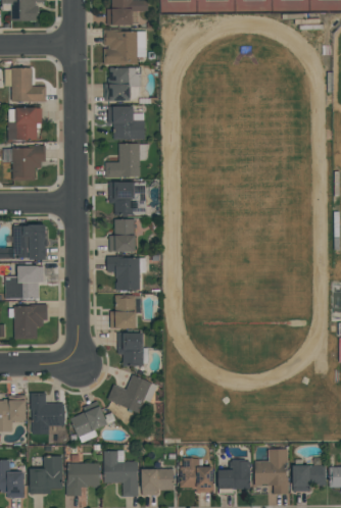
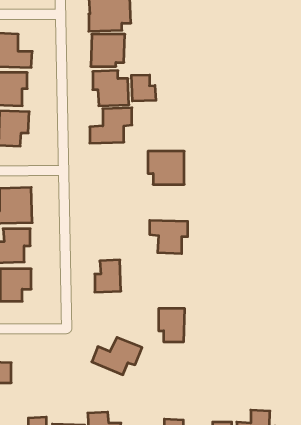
building: none -> [131,75,156,101]
building: [109,182,146,215] -> [148,151,184,184]
building: [109,219,135,252] -> none
building: [107,257,146,291] -> [150,220,188,254]
building: [117,333,144,366] -> [159,309,185,342]
building: [31,393,65,435] -> none
building: [70,401,108,444] -> none

